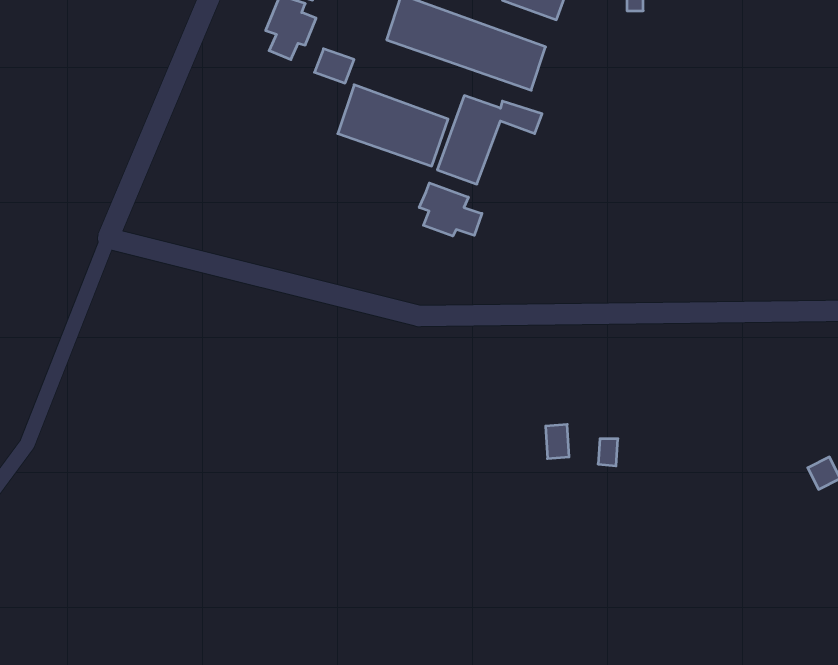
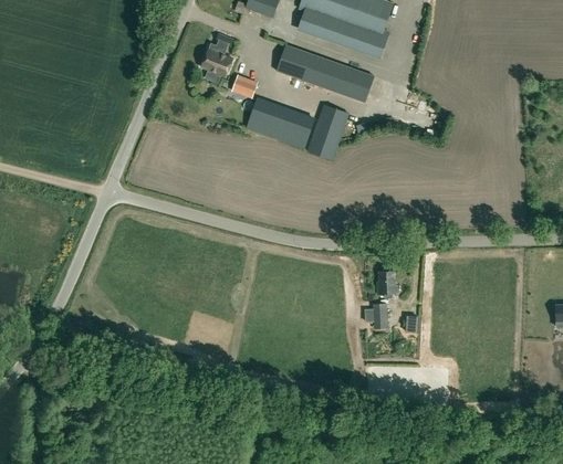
building: [419,183,482,236] -> none
building: none -> [376,271,397,298]

